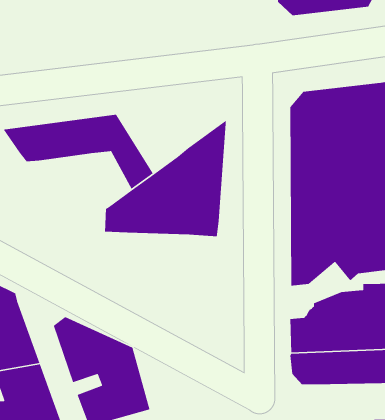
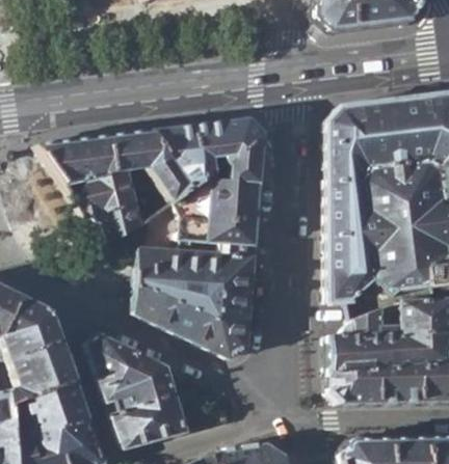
building: none -> [153,118,264,190]
building: none -> [69,170,144,241]
building: none -> [136,249,255,357]

